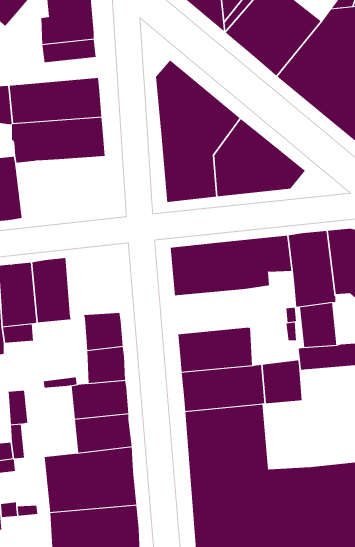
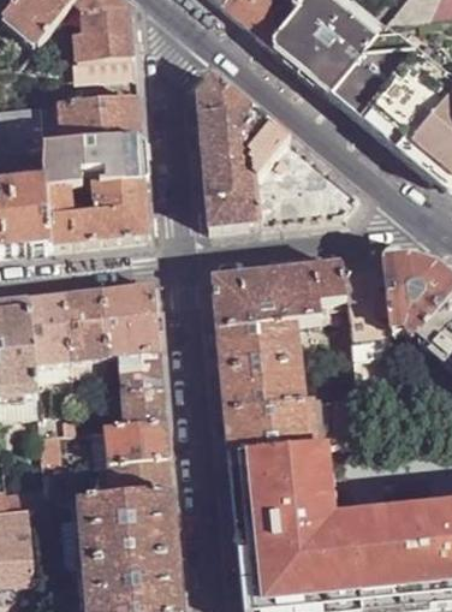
building: none -> [47,176,148,242]
building: none -> [101,278,159,347]
building: none -> [216,317,296,366]

